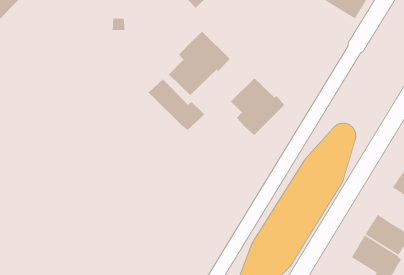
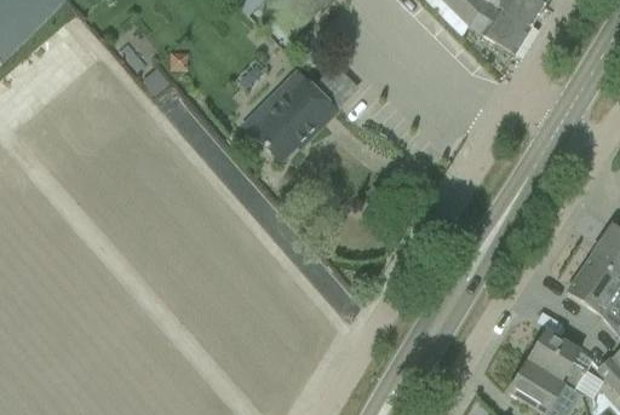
building: [230,78,285,136] -> none
building: [148,79,205,131] -> none

